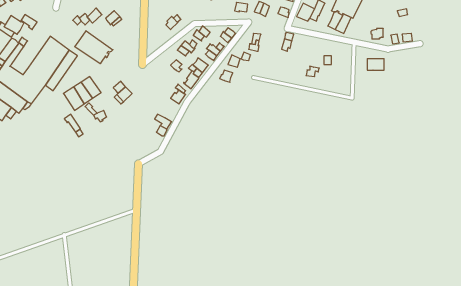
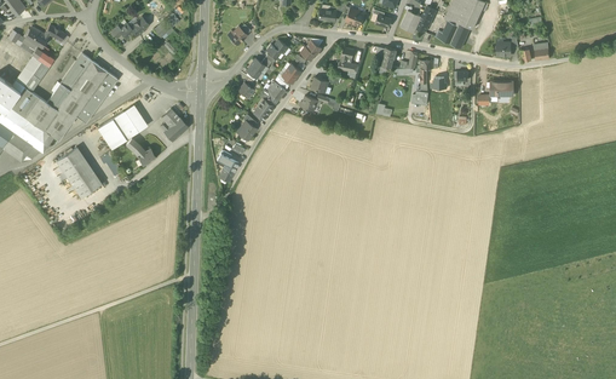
building: [75,31,113,64] -> none
building: none -> [57,147,100,196]

